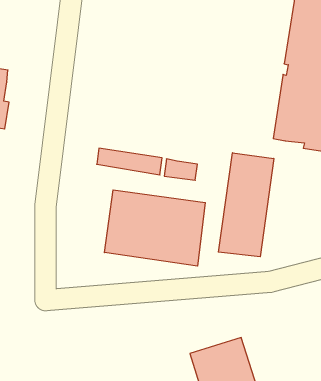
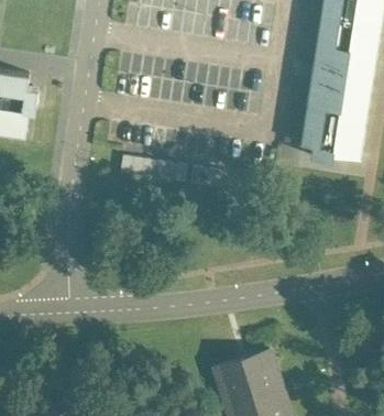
building: [218,153,274,257] -> none
building: [104,190,205,266] -> none

